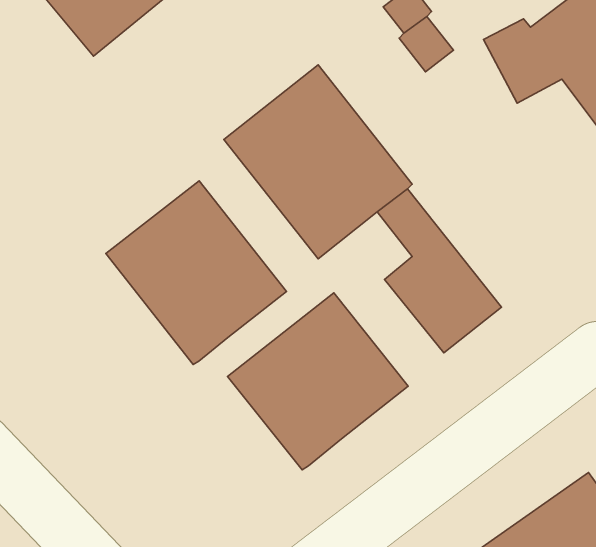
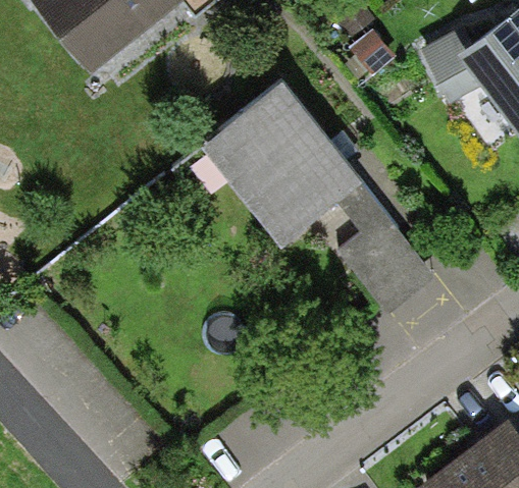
building: [106,181,287,365] -> none
building: [228,293,408,470] -> none

